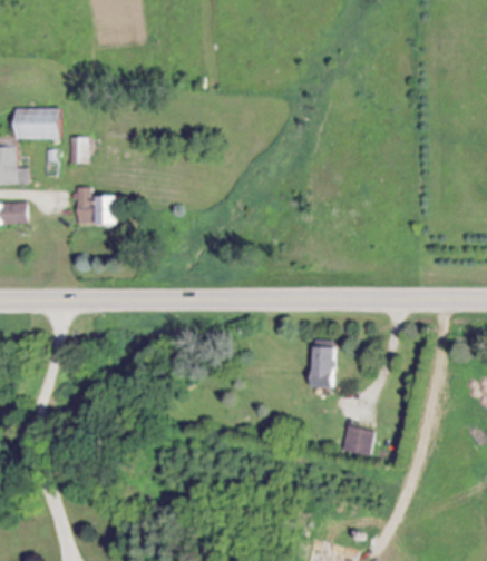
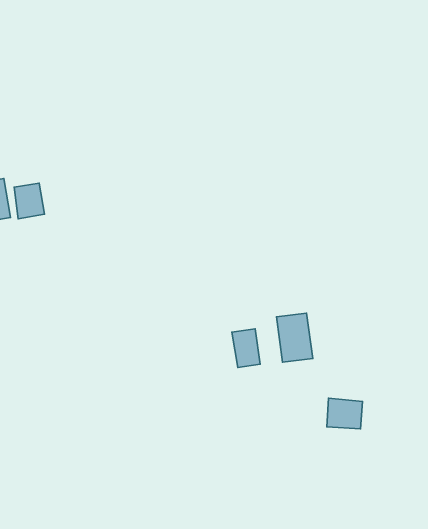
building: none -> [232,329,260,367]

